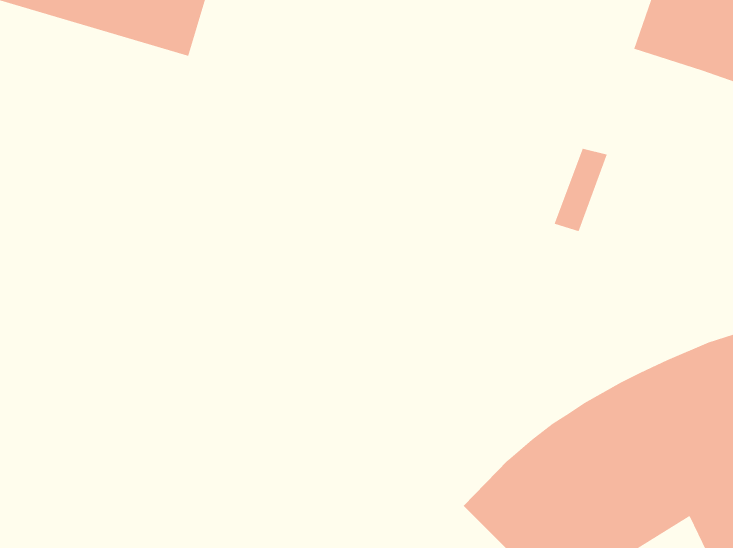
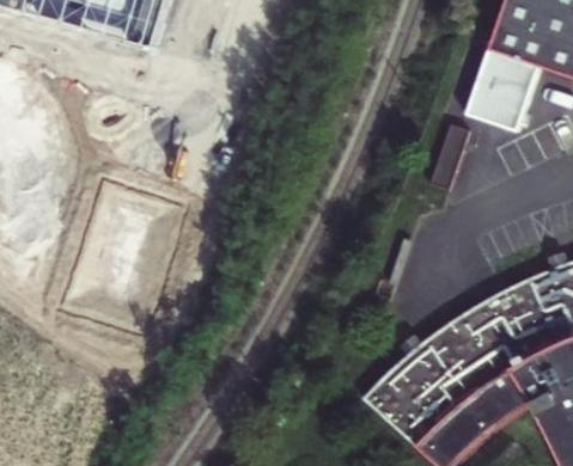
building: none -> [473,50,545,133]

